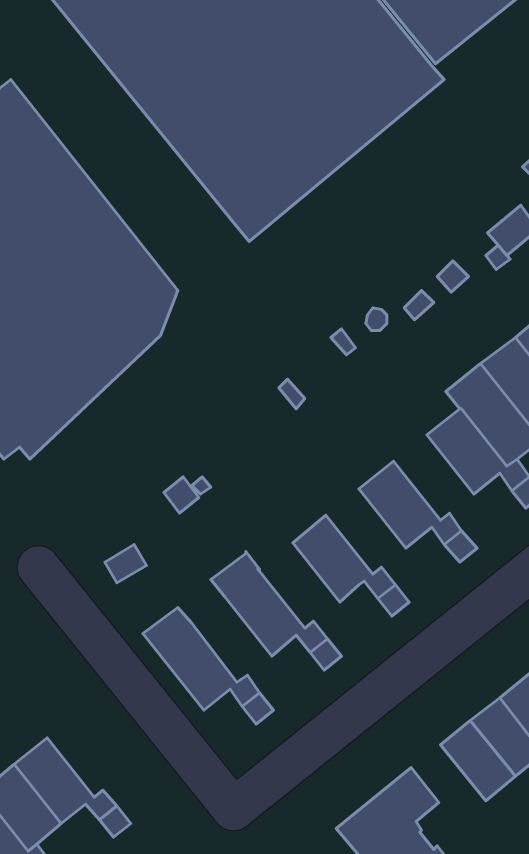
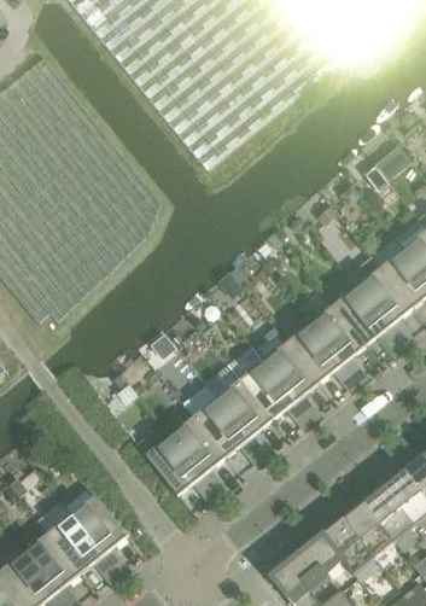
building: none -> [308,305,363,365]
building: none -> [250,328,316,402]
building: none -> [214,380,270,439]
building: none -> [168,418,223,477]
building: none -> [68,496,124,557]
building: none -> [320,520,372,576]

